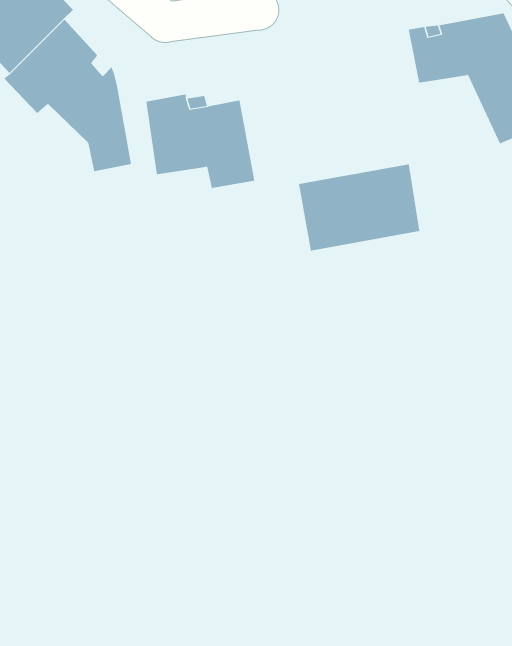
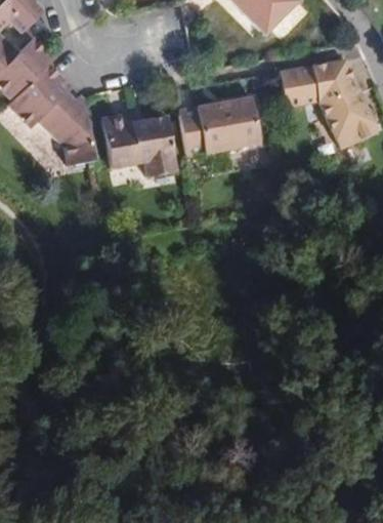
building: [298,164,420,251] -> [178,97,260,156]

